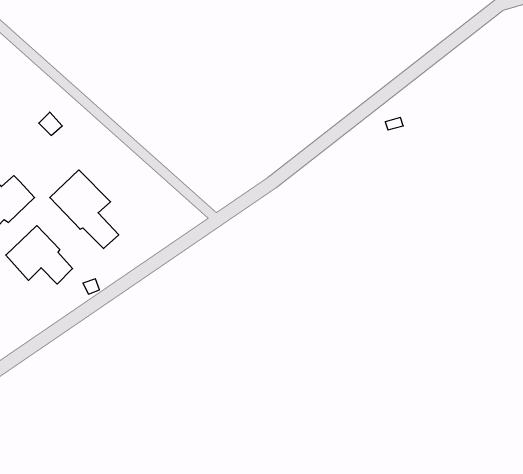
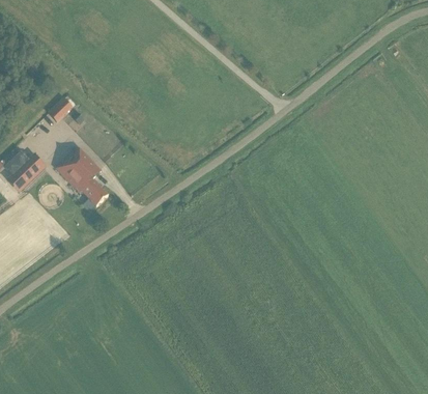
building: [6,226,73,284] -> none

